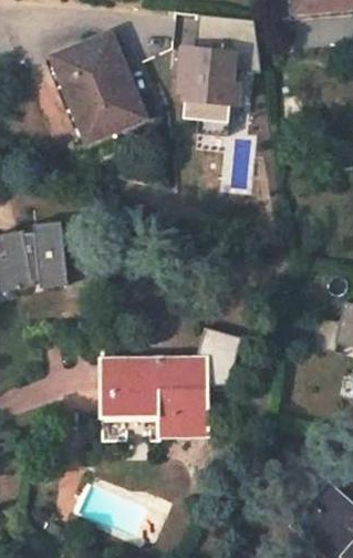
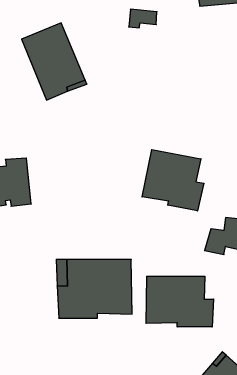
building: [186,45,252,126] -> none
building: none -> [142,150,204,211]
building: none -> [146,276,214,327]

